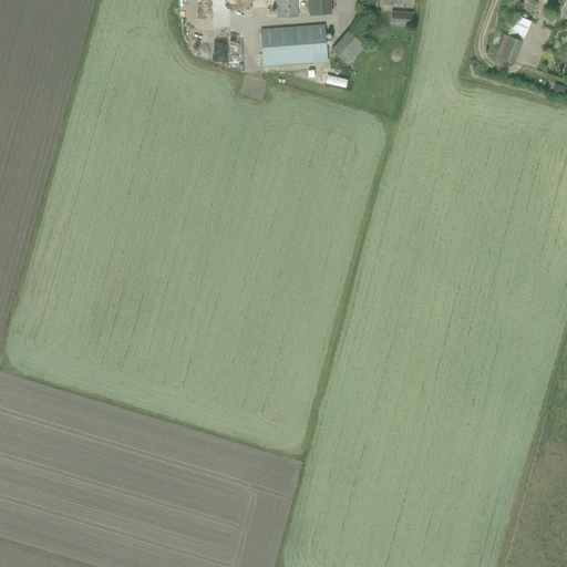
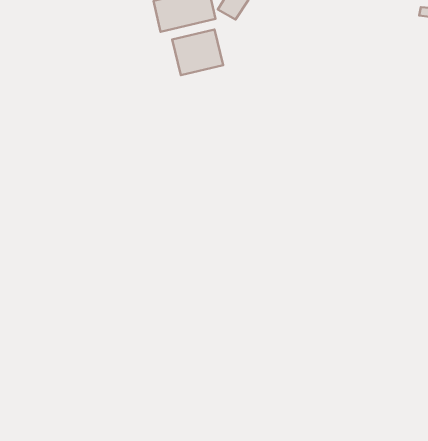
building: none -> [172,29,223,75]

